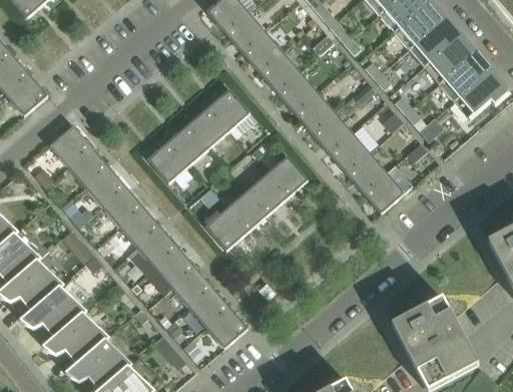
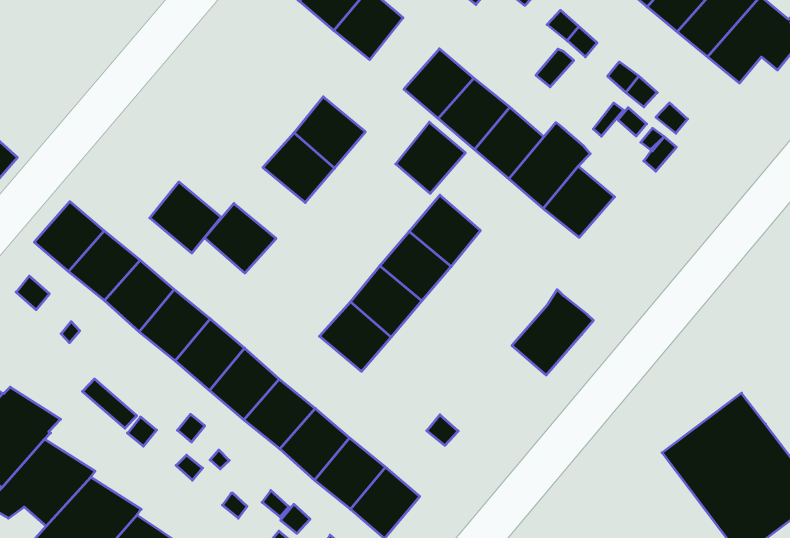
building: [259,50,300,91] -> [396,122,465,193]
building: [167,123,208,165] -> [150,182,221,253]
building: [363,164,412,213] -> [512,290,593,375]

